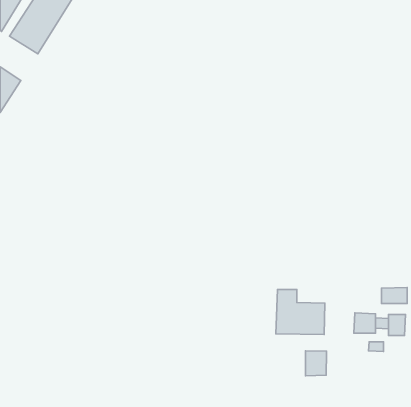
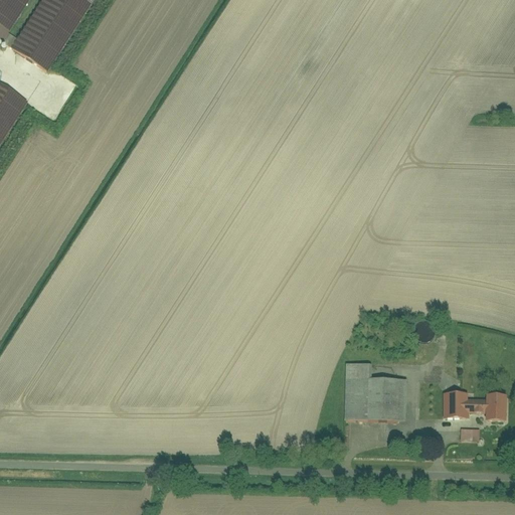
building: [382,287,407,303] -> none
building: [305,351,327,376] -> none

